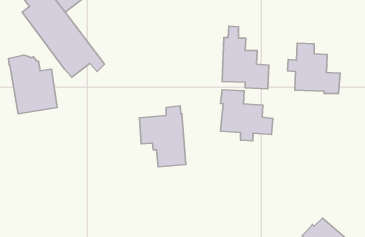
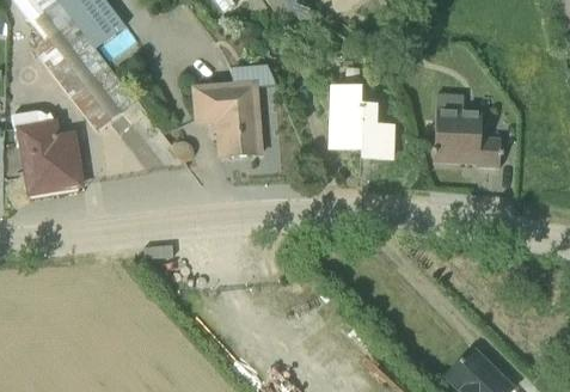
building: [220,90,273,141] -> none
building: [139,106,186,167] -> [192,68,261,158]

